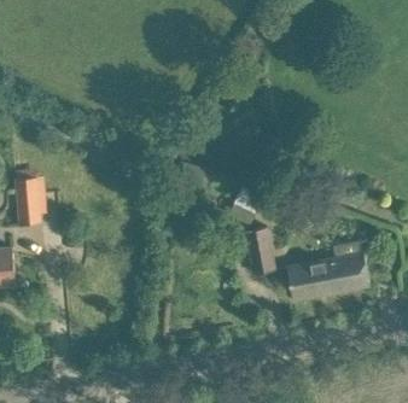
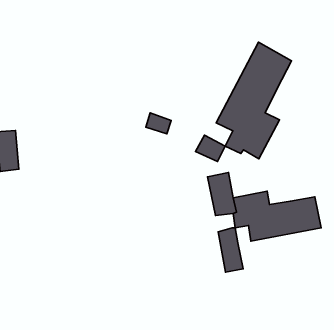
building: none -> [216,42,291,159]
building: none -> [218,228,243,272]

